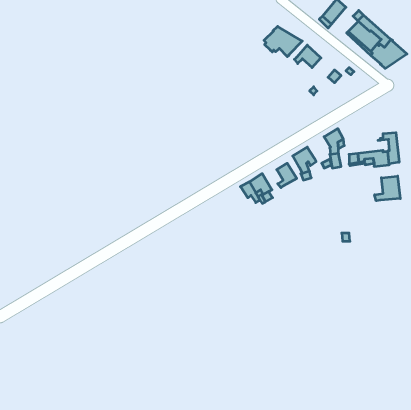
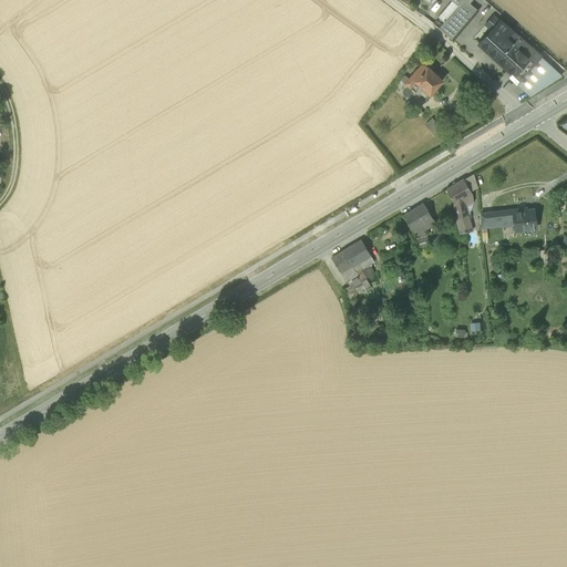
building: [264,26,302,57] -> none
building: [378,133,399,164] -> none
building: [277,163,297,188] -> none
building: [375,176,400,201] -> none

